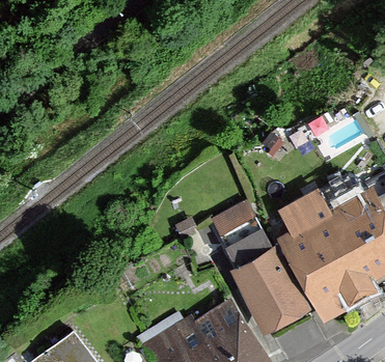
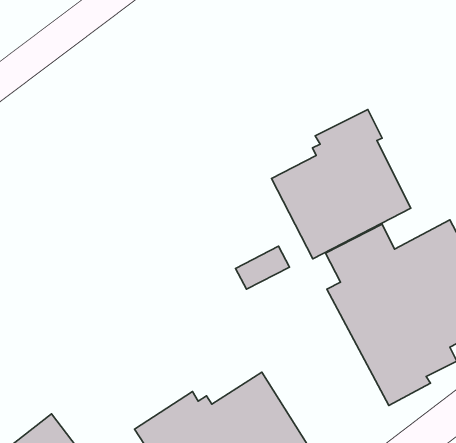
building: none -> [271,109,411,259]
building: [222,228,308,335] -> none

